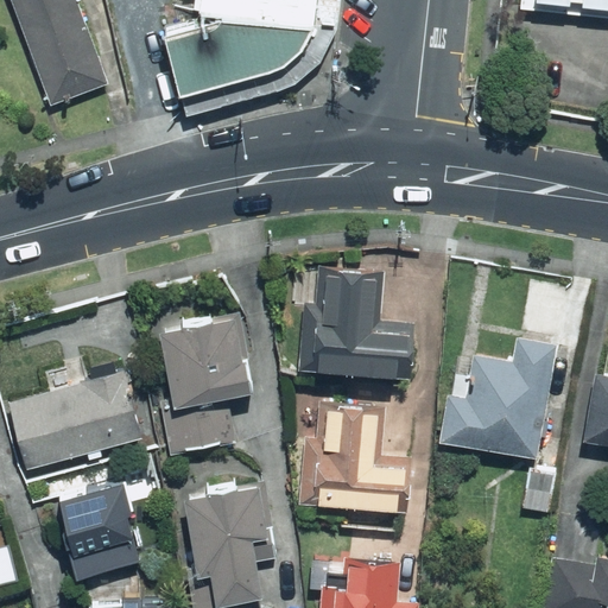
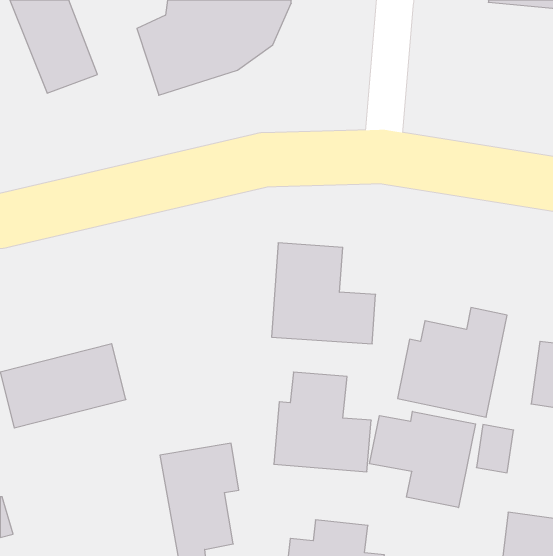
building: [160,317,248,451] -> none
building: none -> [370,411,476,508]
building: [55,482,150,597] -> none

